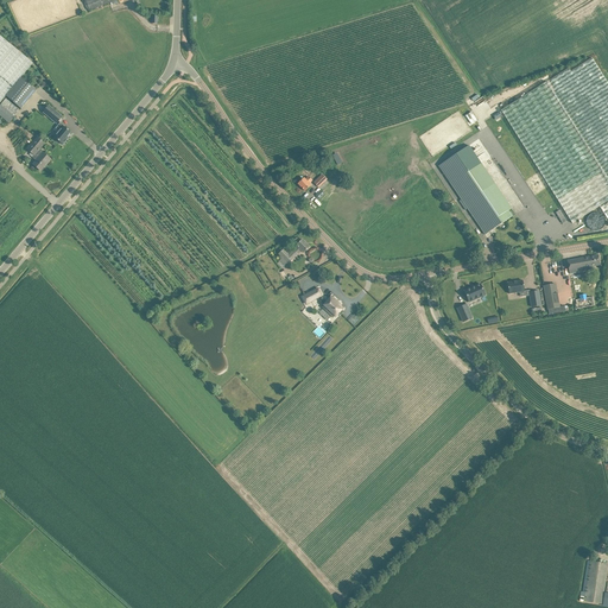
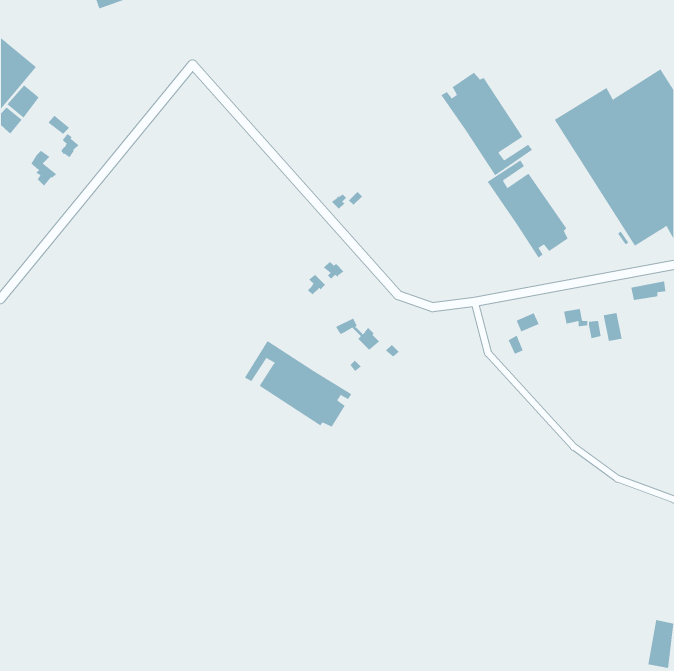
building: none -> [441,72,533,176]
building: none -> [244,340,352,427]

